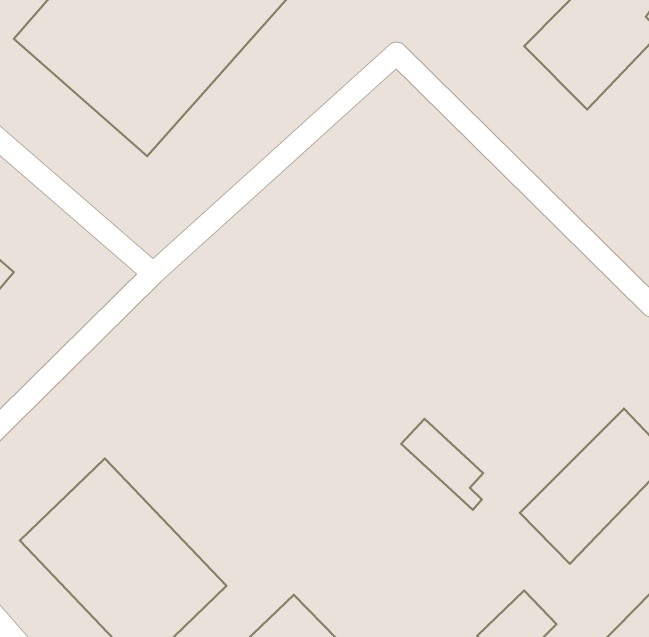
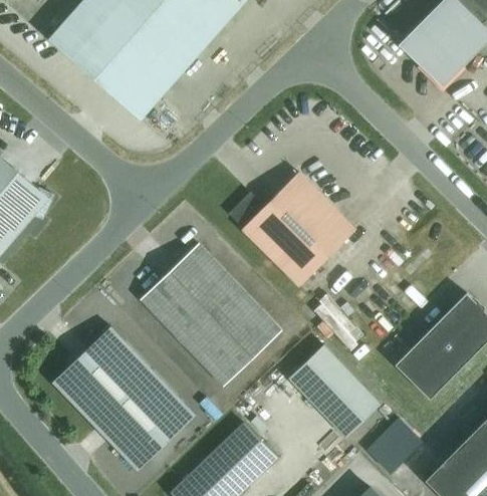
building: none -> [229,173,355,286]
building: none -> [141,243,282,387]
building: none -> [289,345,381,437]

